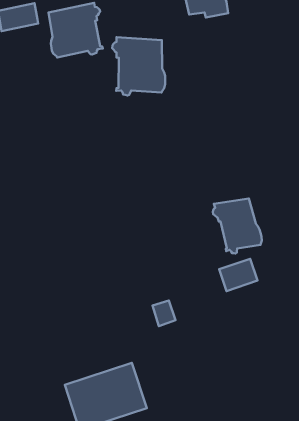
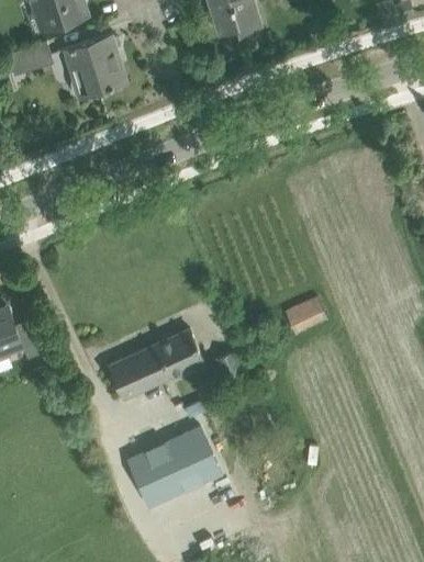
building: [112,37,165,95] -> none
building: [213,198,262,253] -> none
building: none -> [109,329,204,400]

